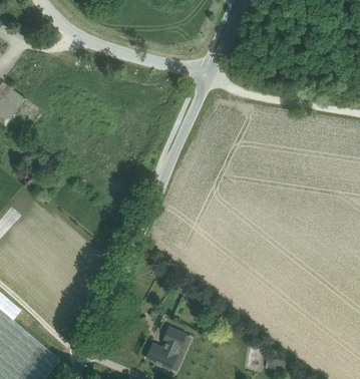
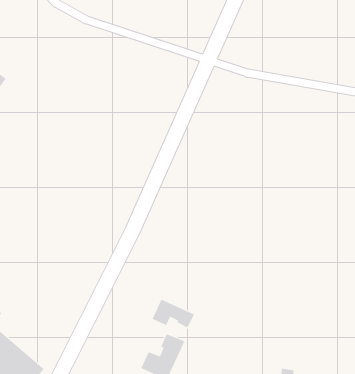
building: none -> [152,299,195,328]

